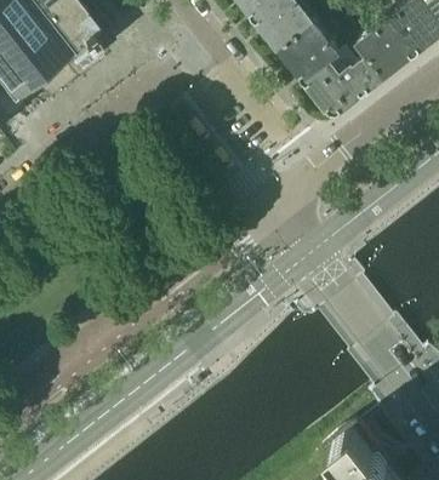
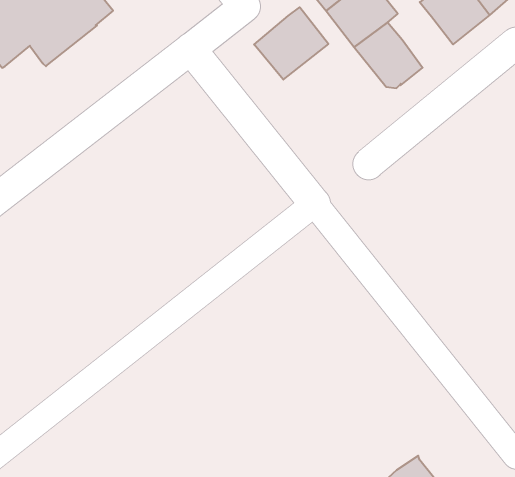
building: none -> [254,7,328,80]
building: [342,55,384,97] -> none

